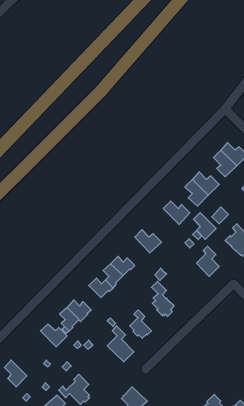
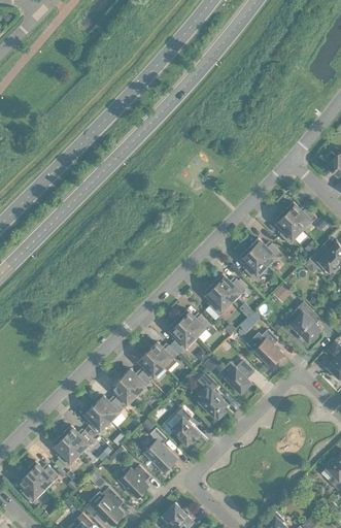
building: [193,213,216,239] -> [205,284,233,317]
building: none -> [169,319,197,352]
building: none -> [226,362,252,393]
building: none -> [112,378,139,408]
building: none -> [53,434,81,467]
building: none -> [26,461,59,490]
building: none -> [120,465,148,498]

